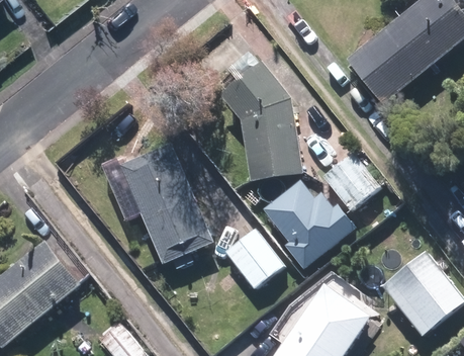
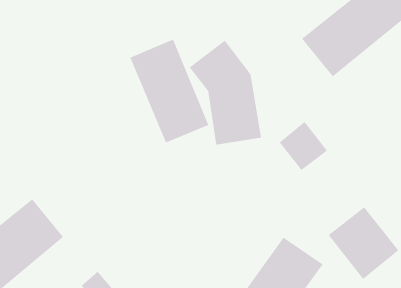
building: [121,144,211,262] -> [130,39,209,143]
building: [264,180,357,270] -> none
building: [224,228,283,288] -> none

